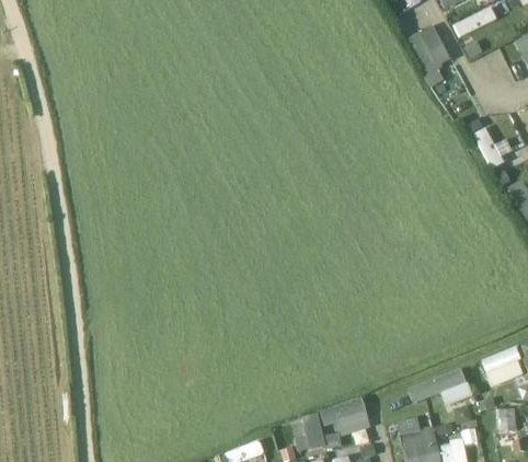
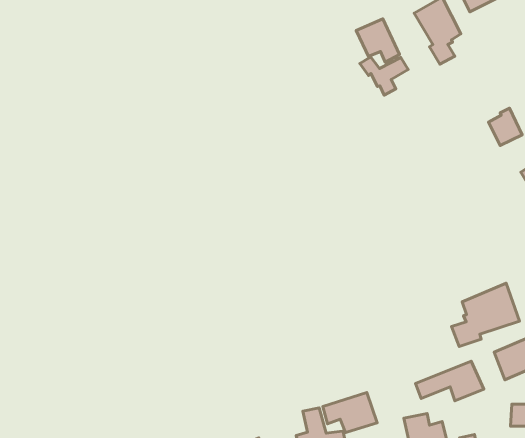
building: none -> [356,19,408,95]
building: none -> [451,283,520,346]

